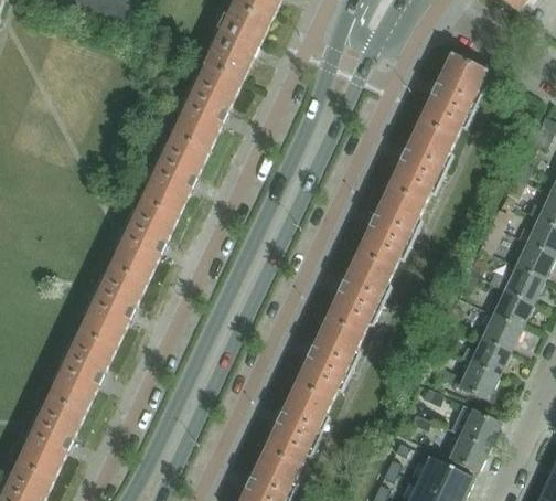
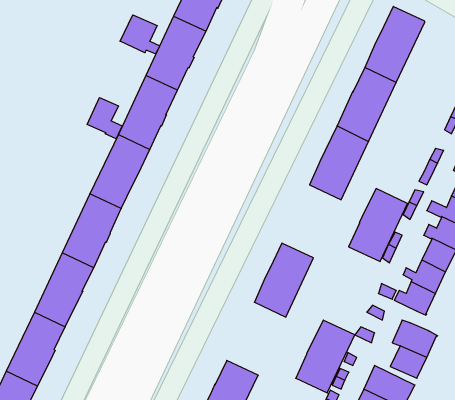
building: none -> [120,15,160,54]
building: none -> [87,98,122,139]
building: [325,254,392,335] -> [349,189,408,262]
building: [264,385,330,467] -> [296,320,355,393]

